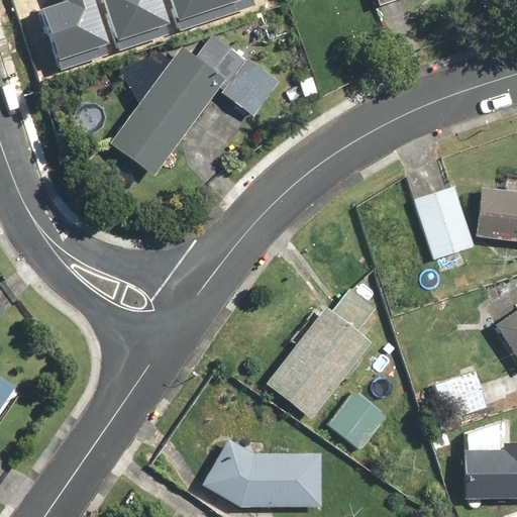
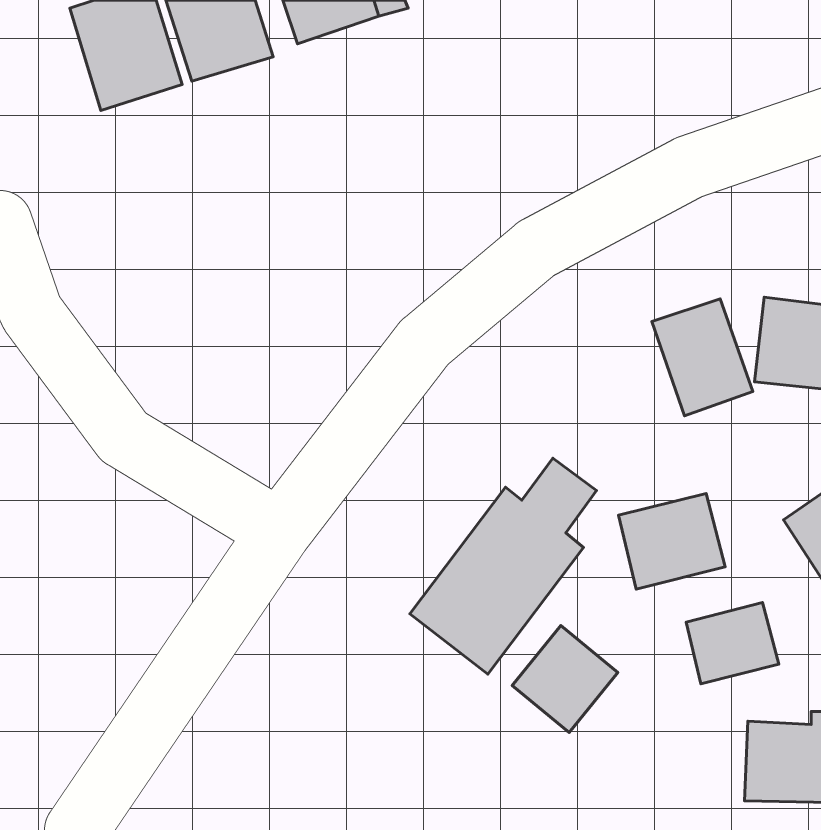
building: [108,34,278,176] -> none
building: none -> [618,494,725,589]
building: [199,436,320,505] -> none

